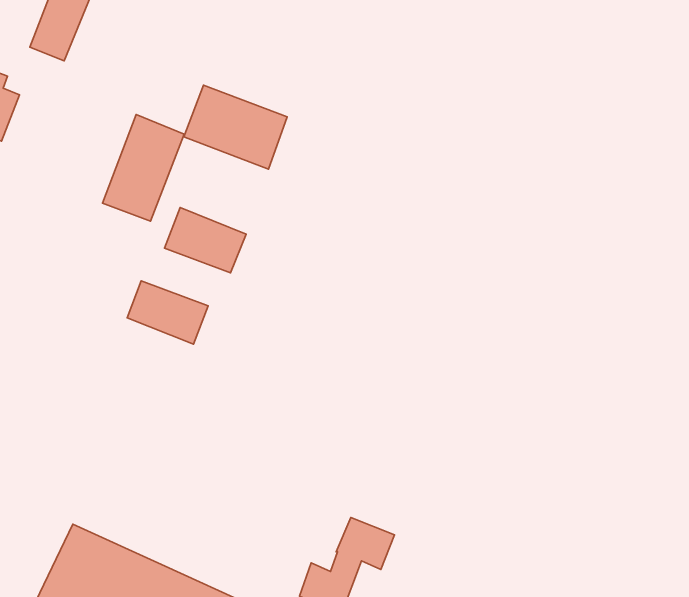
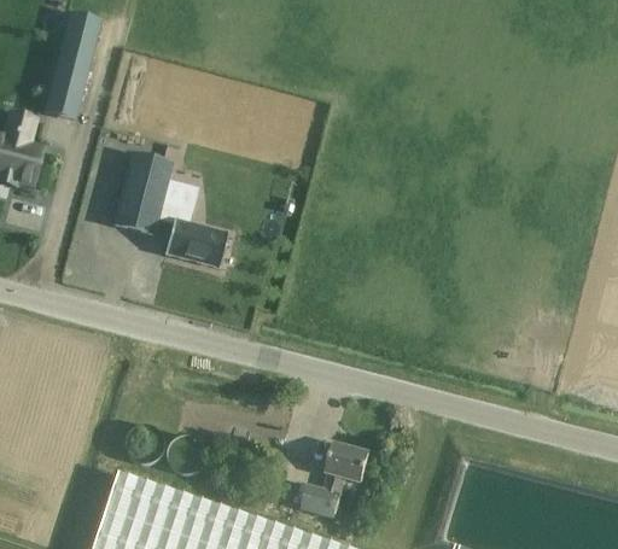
building: [184,85,287,169] -> none
building: [127,281,208,344] -> none

